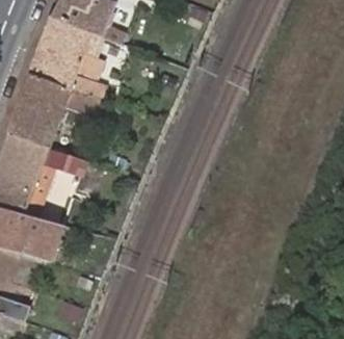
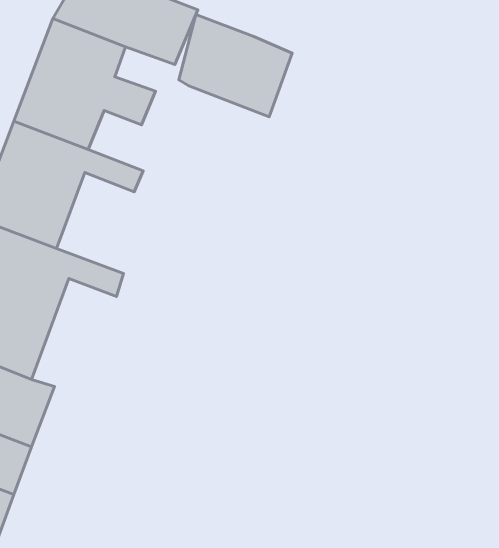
building: none -> [179,15,292,117]

